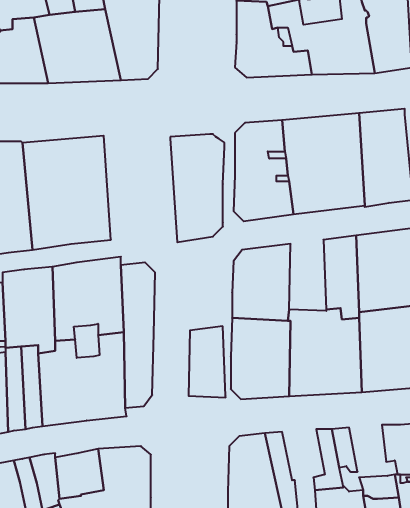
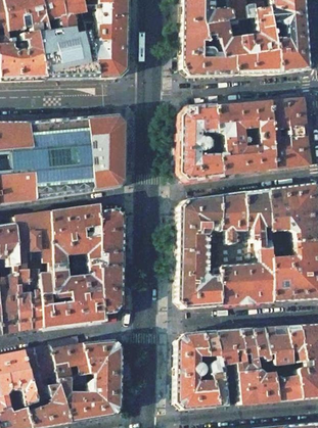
building: [170,134,224,242] -> [88,114,127,192]
building: [189,326,226,397] -> [221,192,247,243]
building: none -> [264,325,291,363]
building: none -> [216,328,246,365]

